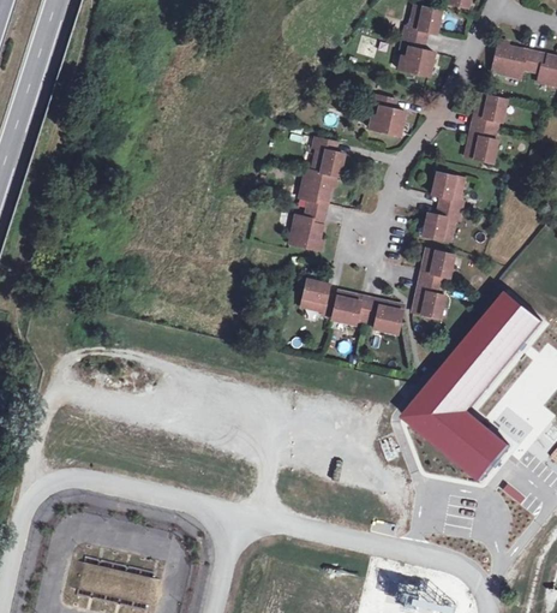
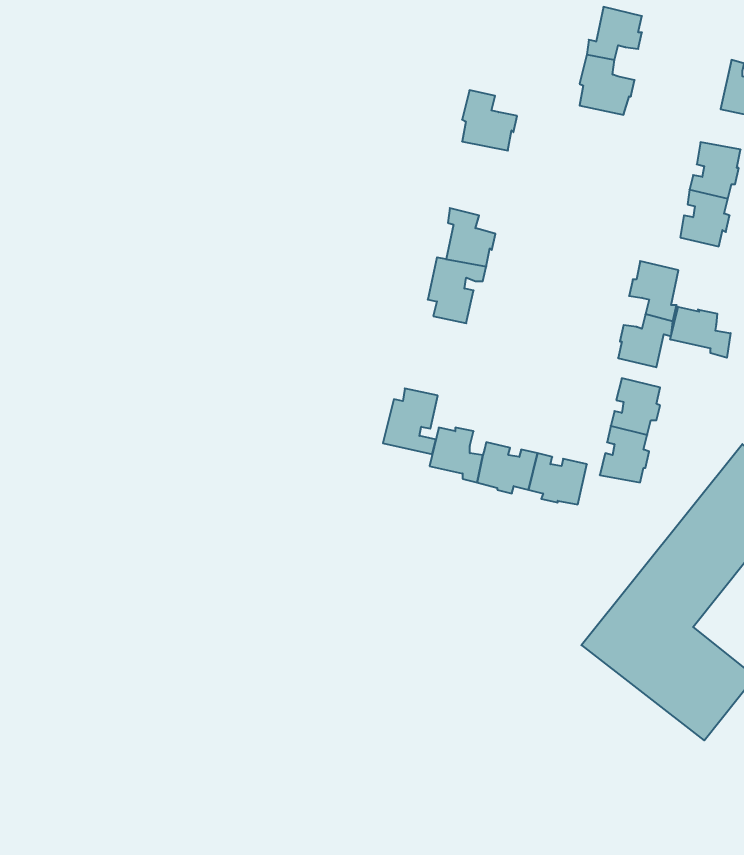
building: [369,95,405,135] -> [462,90,517,151]
building: none -> [670,307,731,358]
building: [288,208,324,251] -> [383,388,438,454]

